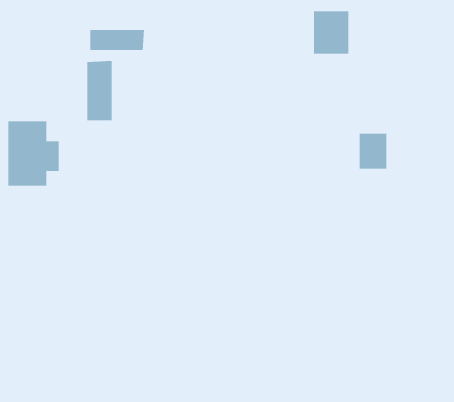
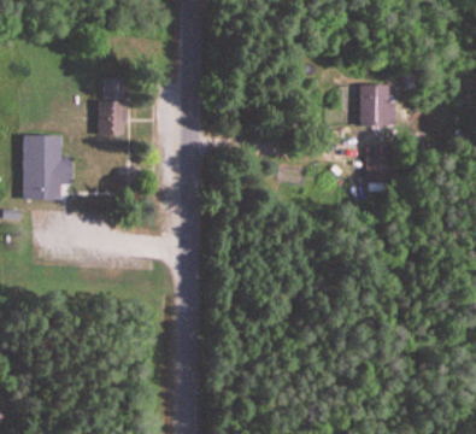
building: [313,11,349,54] -> [358,86,393,128]
building: [90,29,144,51] -> none

